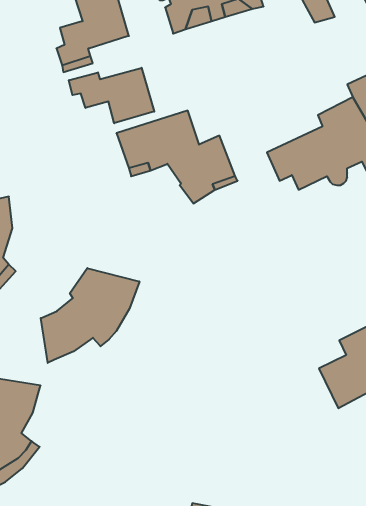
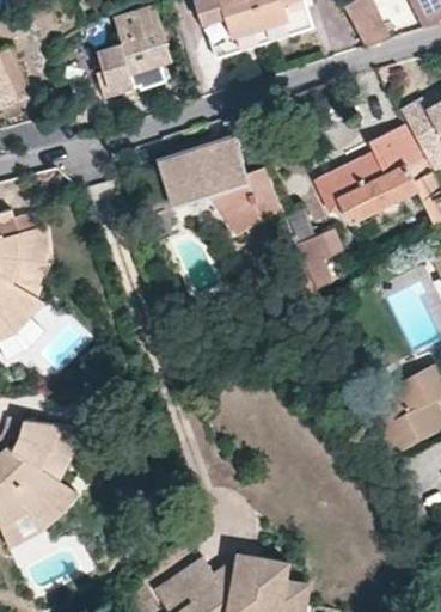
building: [69,68,154,123] -> none
building: none -> [286,206,339,289]
building: [41,268,139,363] -> none

